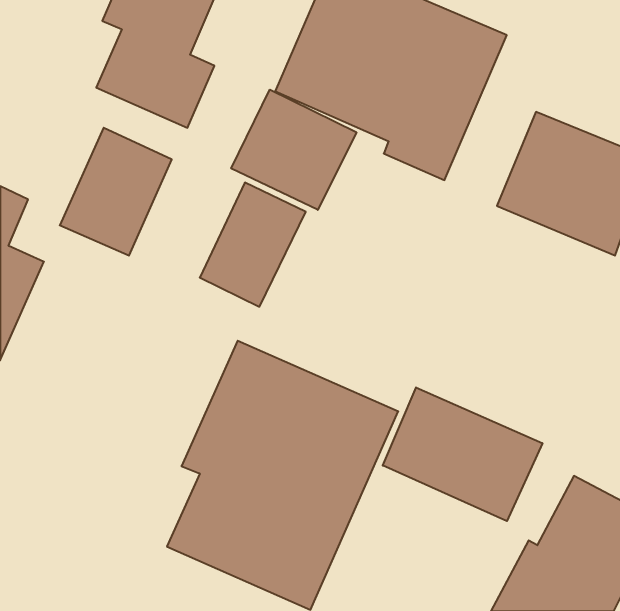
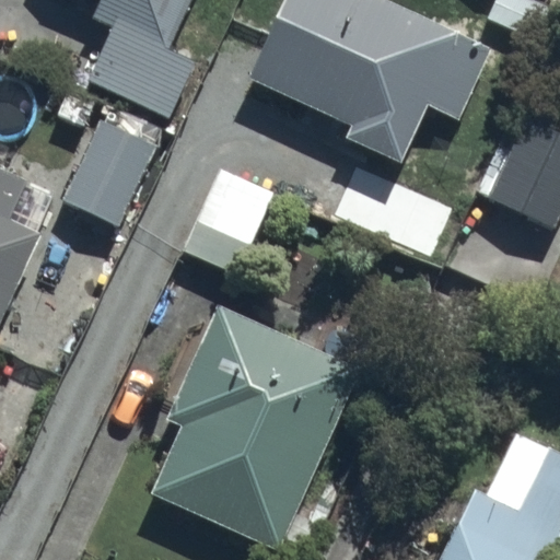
building: [231,90,356,210] -> none
building: [383,387,542,521] -> none

